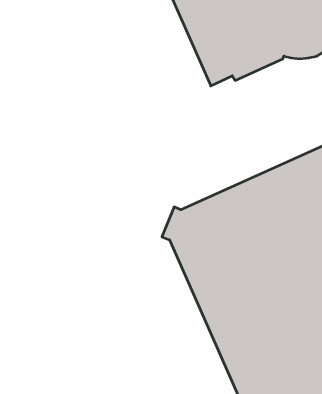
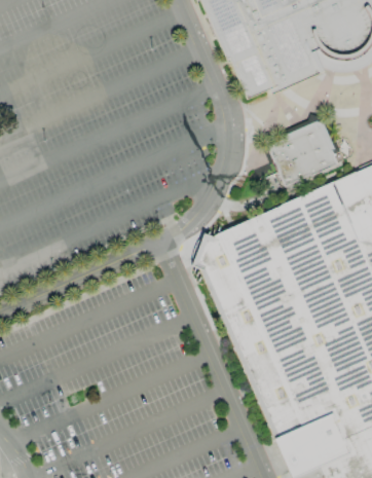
building: none -> [267,118,340,187]

